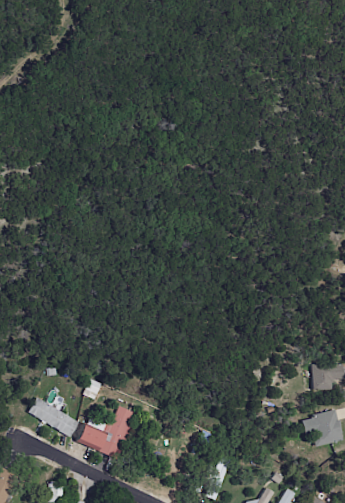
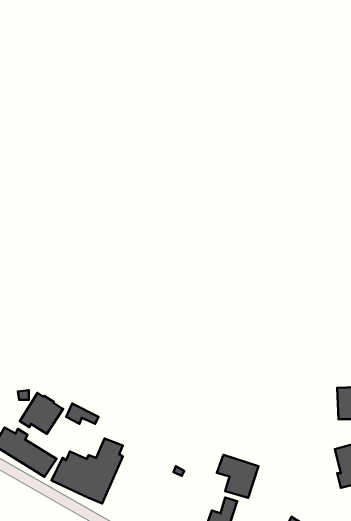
building: none -> [20,393,63,434]
building: none -> [217,455,259,498]

